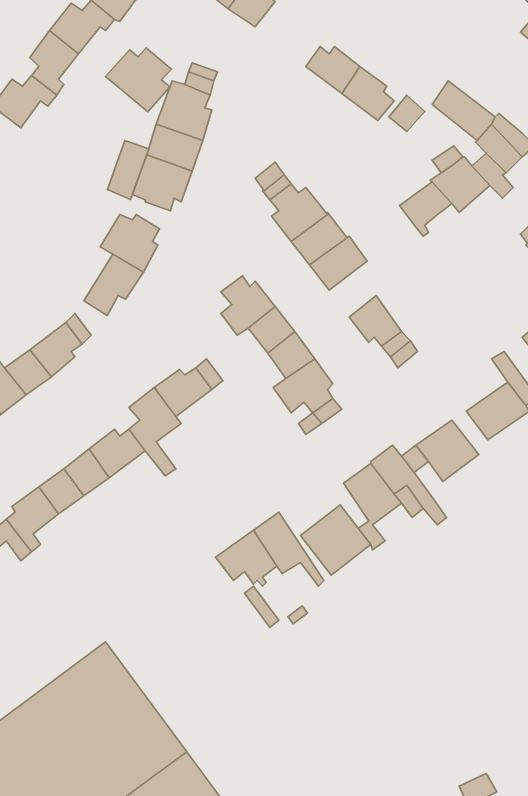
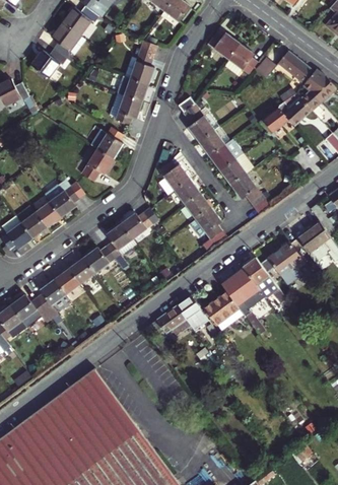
building: [106,48,172,112] -> none
building: [108,140,149,200] -> none
building: none -> [219,151,254,184]

